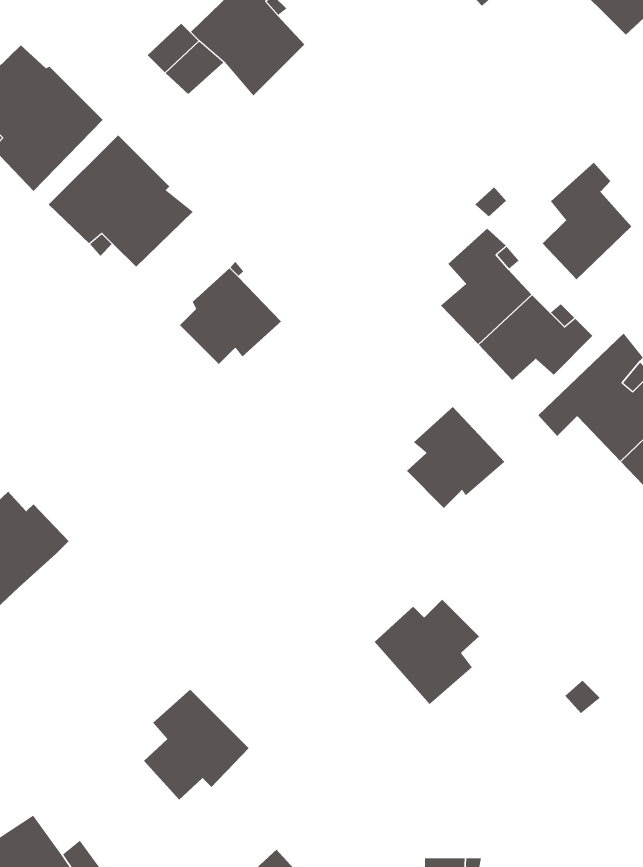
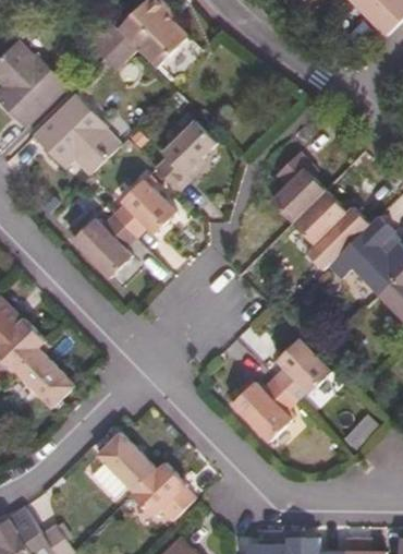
building: [542,162,632,280] -> none
building: none -> [154,122,216,191]
building: none -> [73,212,137,274]
building: [406,406,505,509] -> [272,338,332,400]
building: none -> [16,350,73,407]
building: none -> [130,460,192,520]

